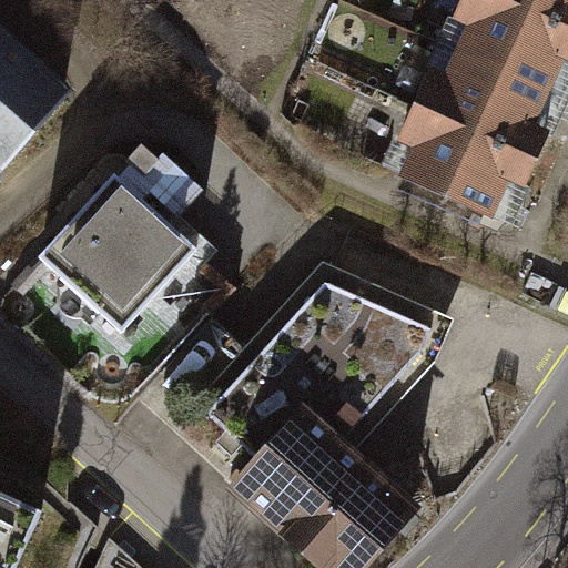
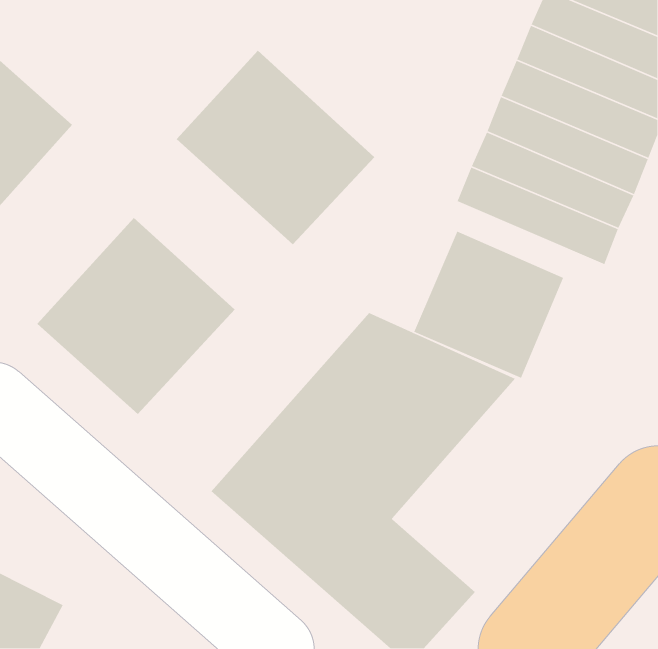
building: none -> [176,50,375,245]
building: none -> [413,230,564,379]

